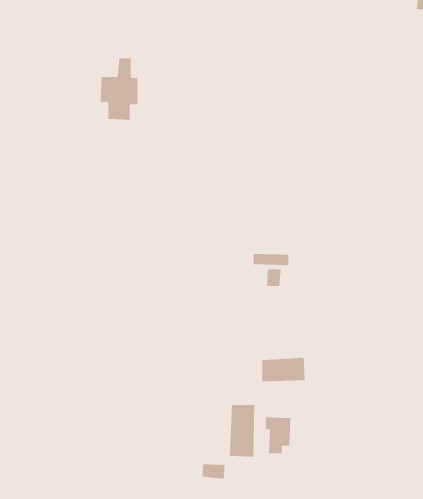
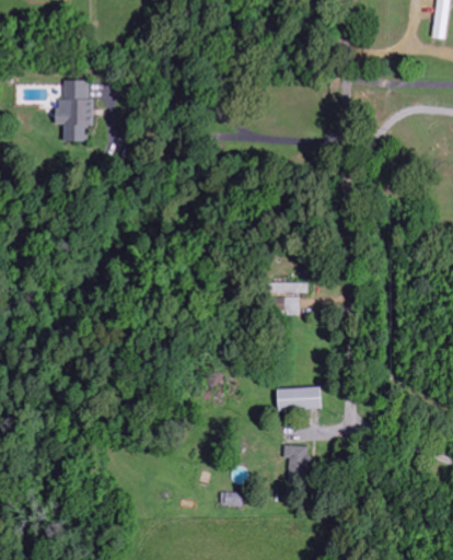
building: [100,58,138,120] -> [56,80,94,142]
building: [230,404,255,457] -> none

